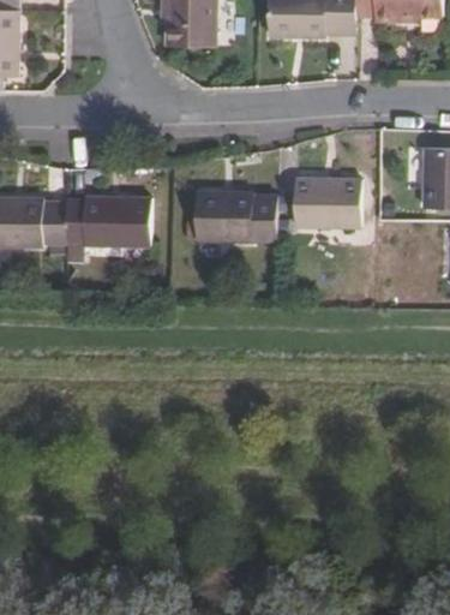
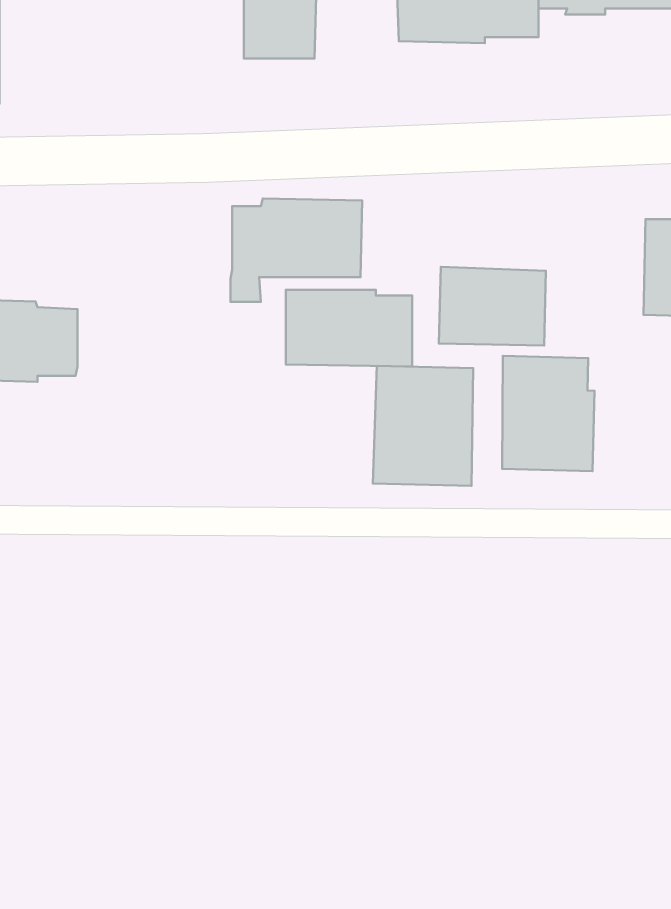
building: [66,196,149,261] -> [230,199,362,302]
building: none -> [502,356,594,471]
building: none -> [373,366,473,486]

